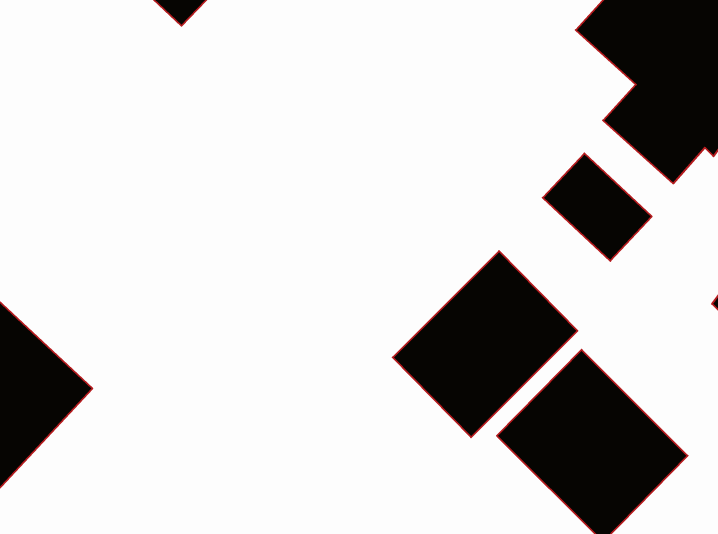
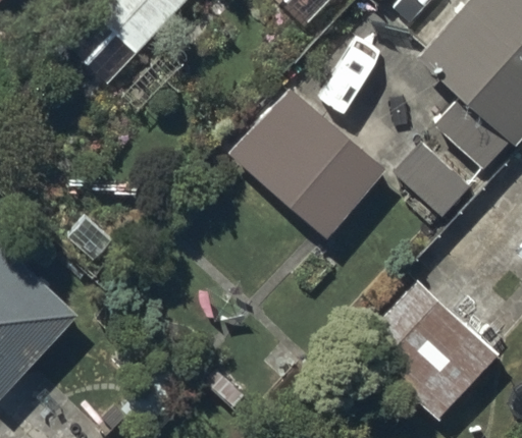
building: none -> [229,85,390,241]
building: [393,251,577,437] -> none

